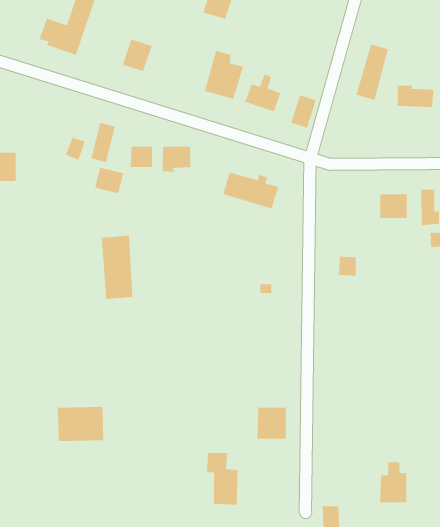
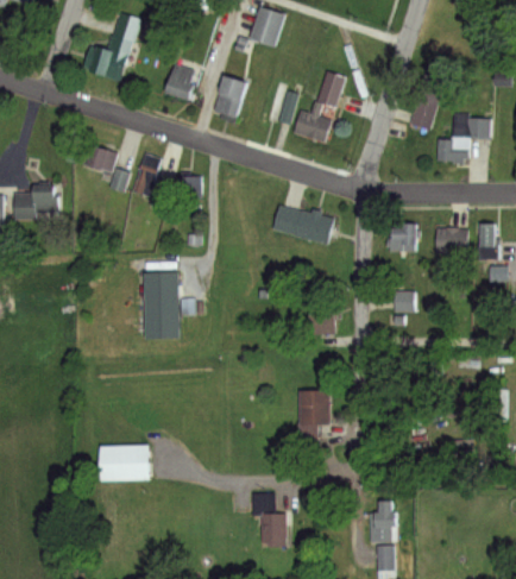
building: none -> [216,78,250,119]
building: [290,94,317,129] -> [319,73,346,108]
building: none -> [439,141,472,164]
building: none -> [83,143,119,171]
building: [162,146,191,173] -> none
building: [94,167,124,194] -> none
building: none -> [388,222,414,250]
building: [256,407,287,439] -> [295,390,326,423]
building: [379,462,407,503] -> [369,499,397,542]

